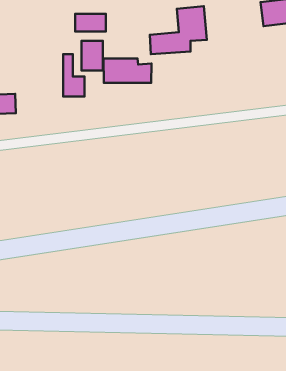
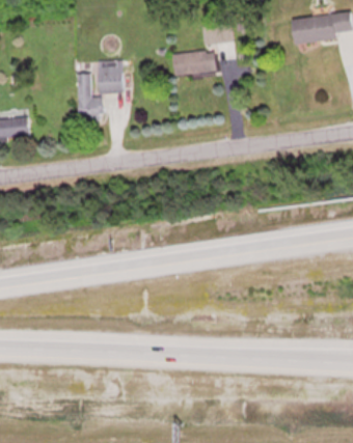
building: [75,14,106,31] -> none
building: [104,59,151,83] -> none

